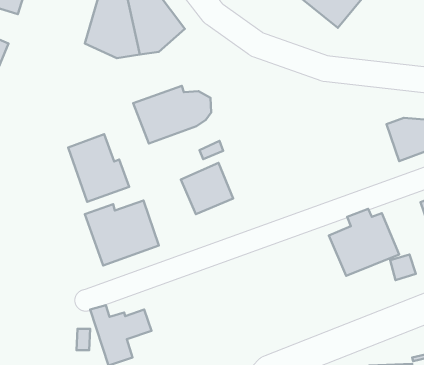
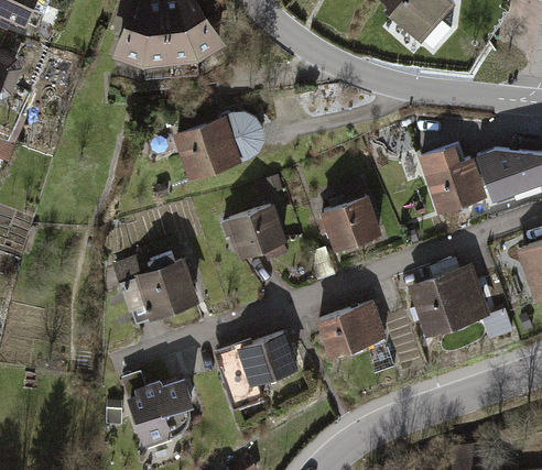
building: none -> [418,149,481,214]
building: [68,134,129,202] -> none
building: none -> [316,183,391,252]
building: none -> [315,300,387,360]
building: none -> [218,329,300,409]

